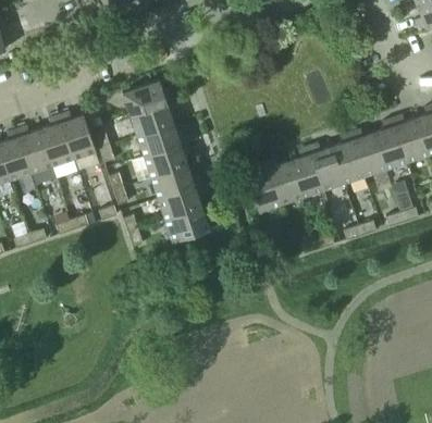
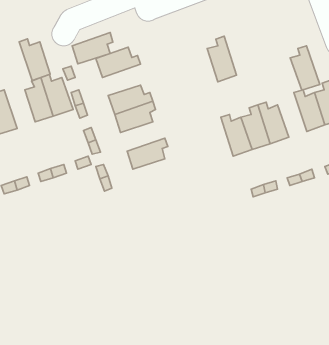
building: [131,100,177,136] -> [72,33,113,64]
building: [17,126,53,174] -> [19,39,50,81]
building: [332,133,366,184] -> [290,46,320,90]
building: [247,161,281,213] -> [207,36,237,82]
building: [151,166,202,200] -> none
building: [165,209,217,242] -> none

